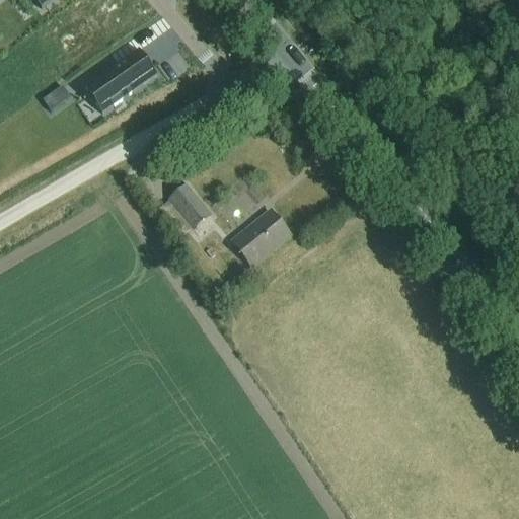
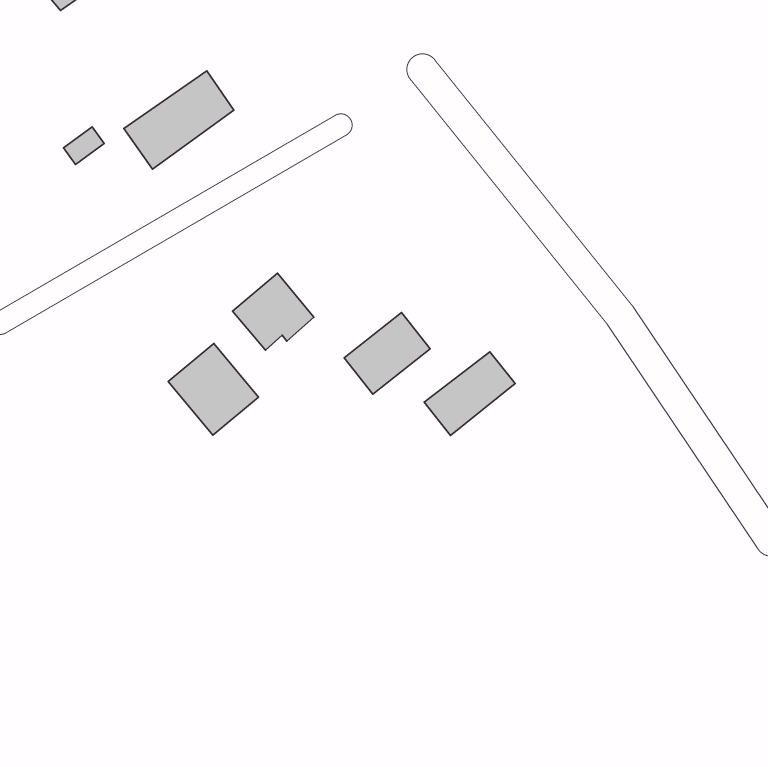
building: none -> [168,343,259,435]
building: none -> [424,352,515,435]

